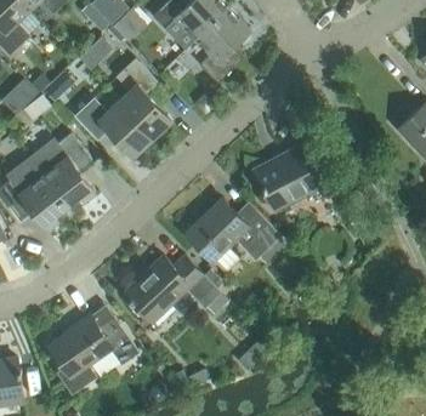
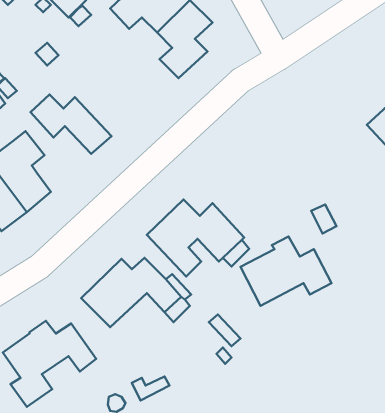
building: [115,58,171,138] -> none
building: [255,144,342,211] -> [240,236,331,306]

